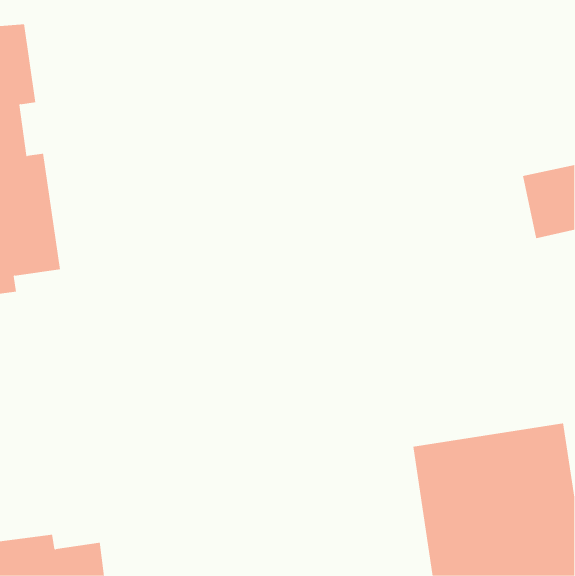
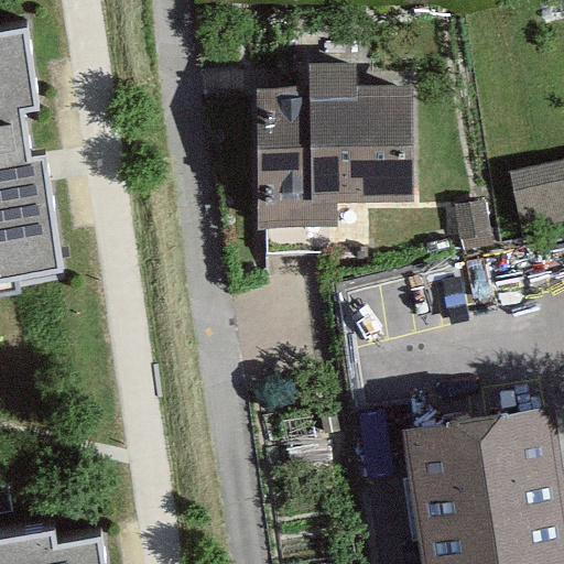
building: none -> [256,66,413,229]

